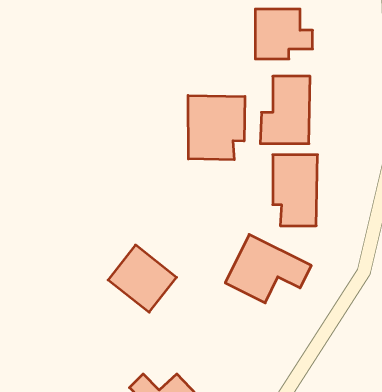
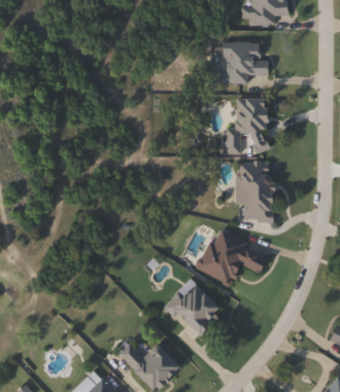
building: [188,95,245,160] -> none
building: [108,245,177,312] -> [166,280,223,335]

